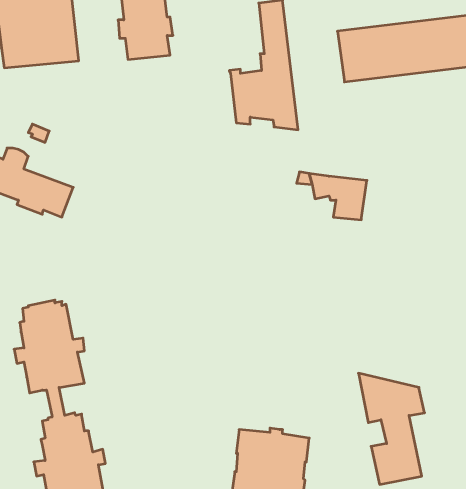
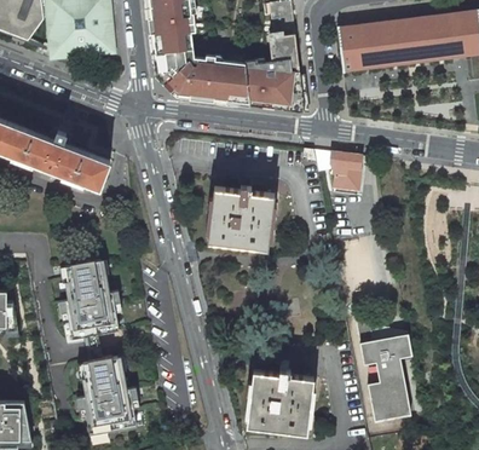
building: none -> [152,48,250,106]
building: none -> [207,186,275,249]

